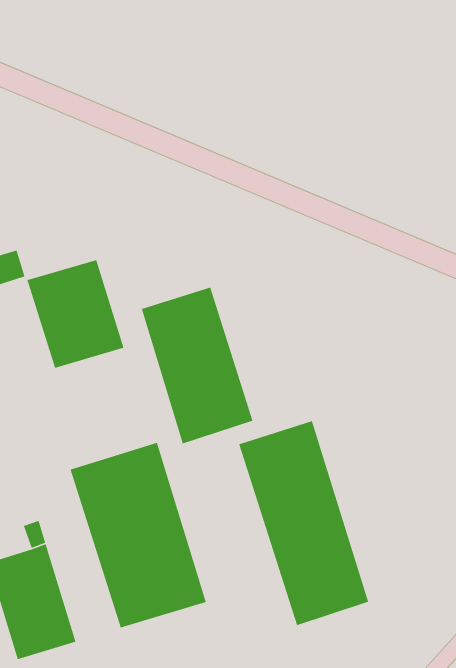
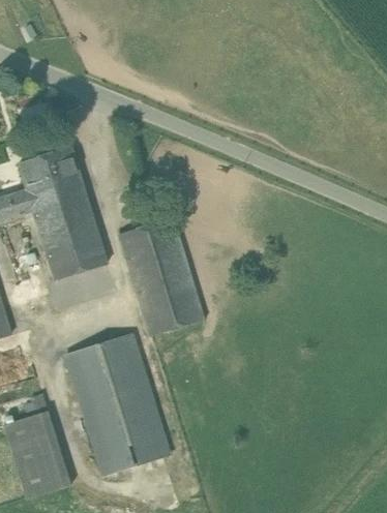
building: none -> [18,147,86,212]
building: [238,420,369,626] -> none

